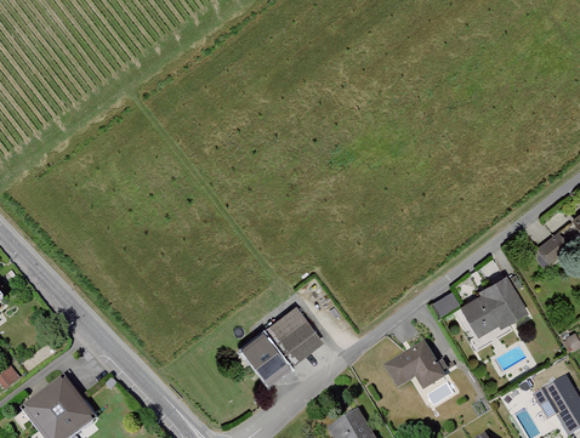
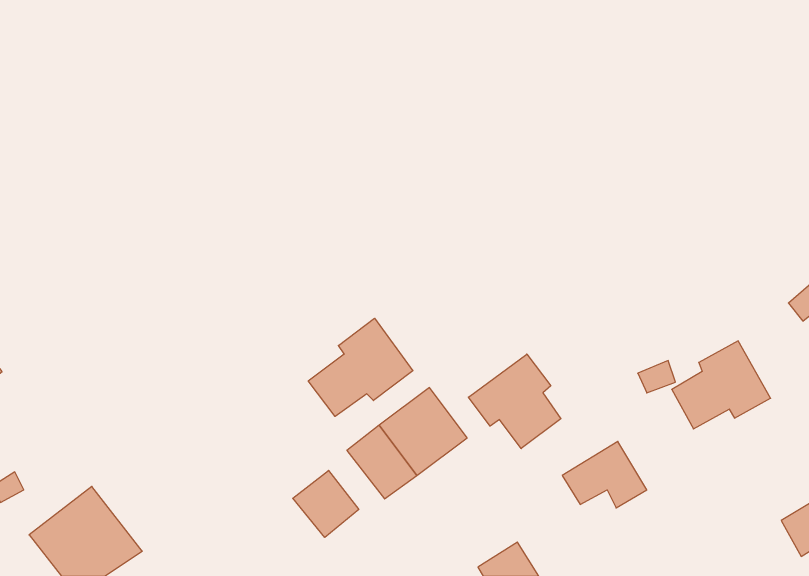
building: none -> [308,318,413,416]
building: none -> [468,354,561,449]
building: none -> [293,470,359,537]

